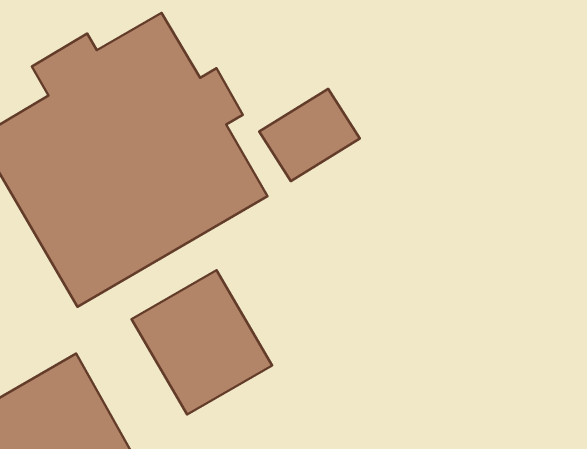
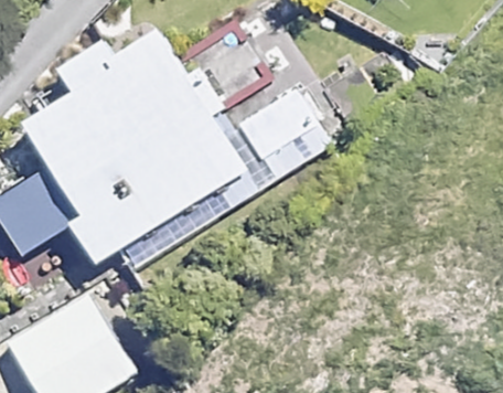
building: [131,270,272,414] -> none

